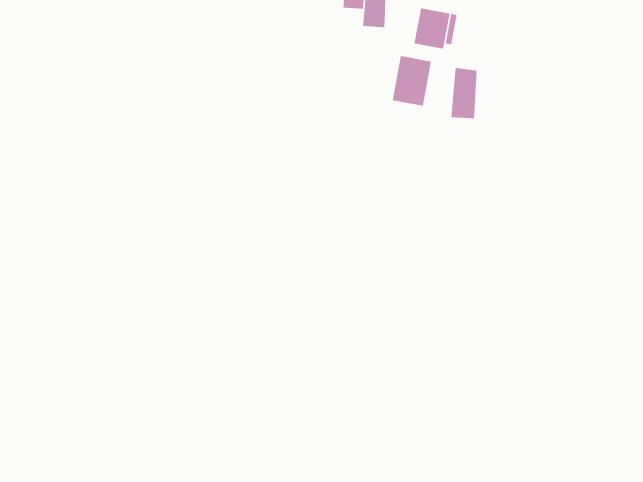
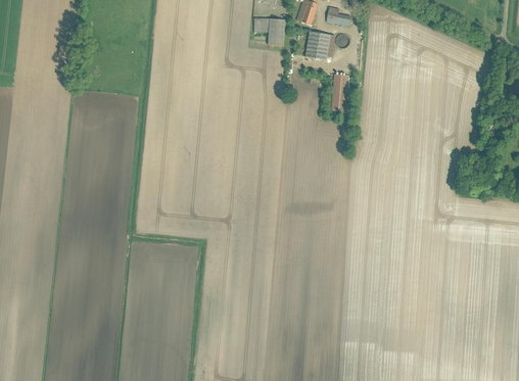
building: [392,55,432,107] -> none

